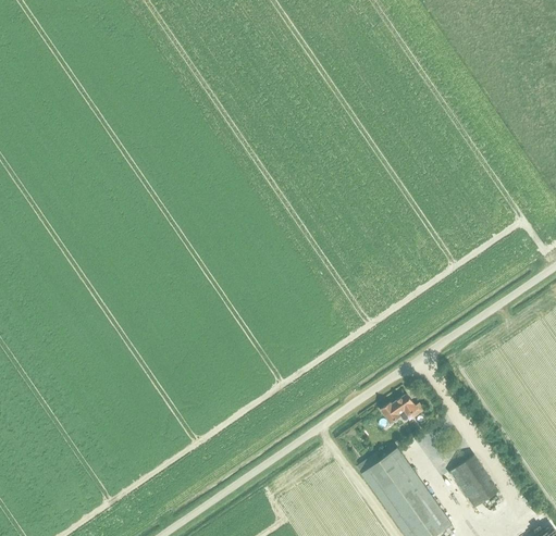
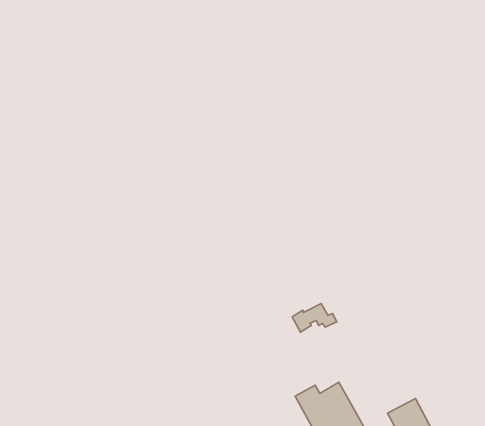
building: [380,395,424,425] -> [292,303,337,332]

